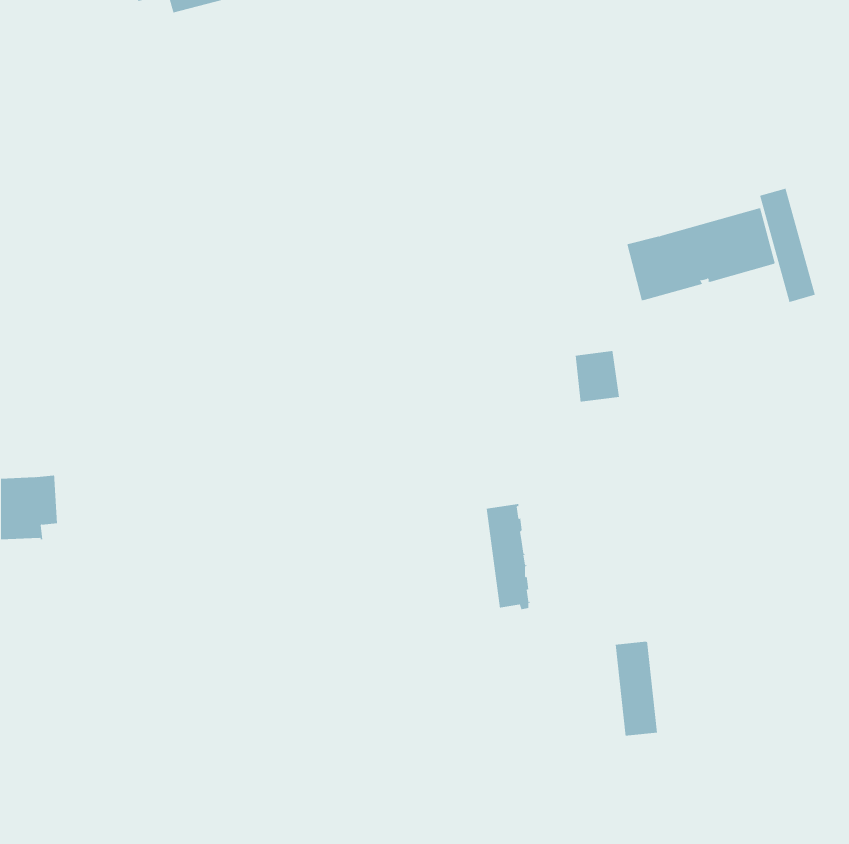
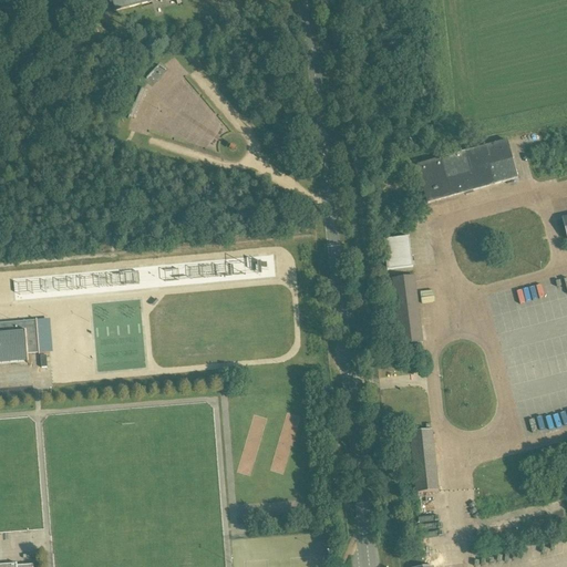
building: [760,188,815,303] -> none
building: [486,504,531,610] -> [392,274,422,344]

